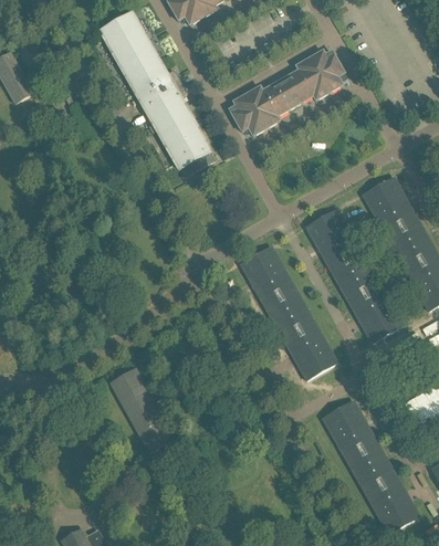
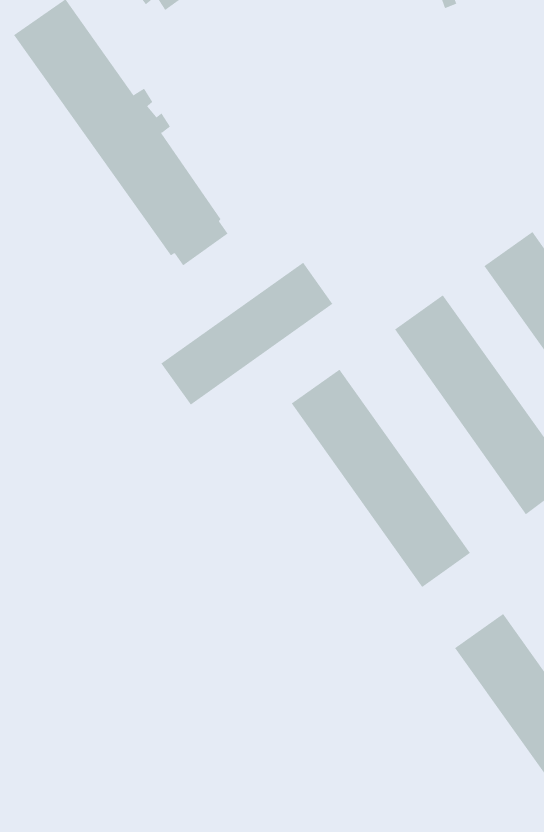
building: [229,49,345,135] -> none
building: none -> [161,262,333,406]
building: [109,368,174,451] -> none

